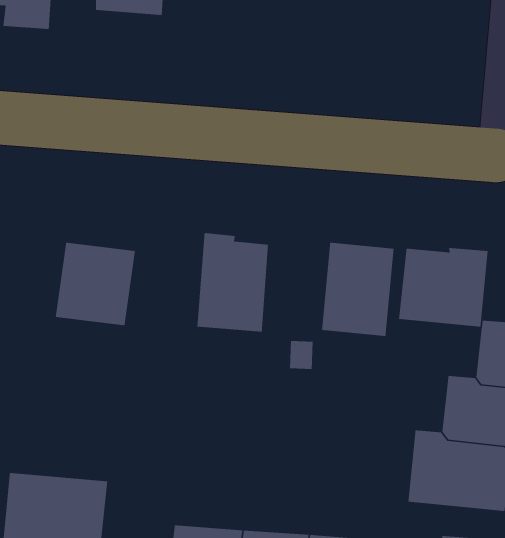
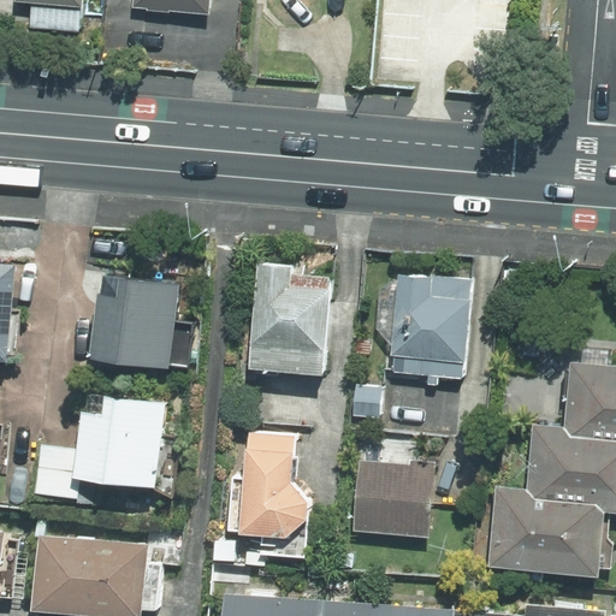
building: [398,247,488,327] -> none
building: none -> [35,395,165,499]
building: none -> [236,431,307,539]
building: none -> [353,458,434,537]

